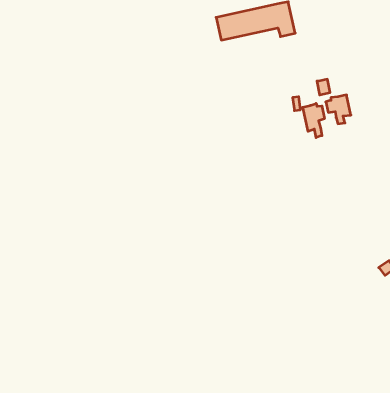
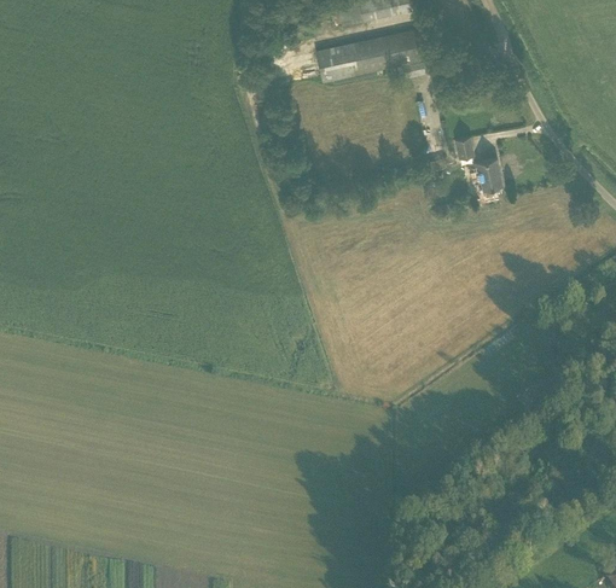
building: [303,103,324,138] -> none

